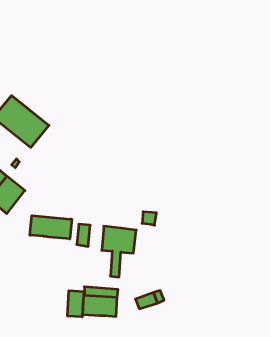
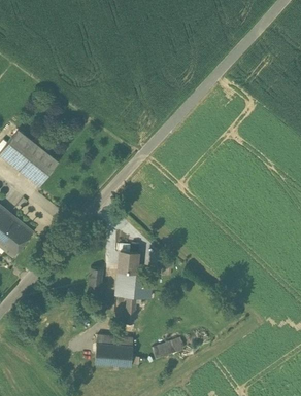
building: none -> [118,243,138,272]
building: [30,216,72,239] -> none
building: [68,291,84,317] -> none

